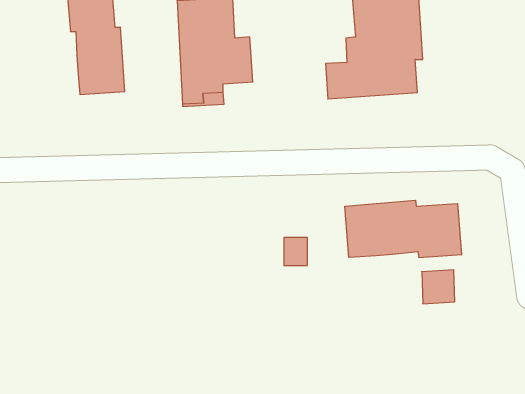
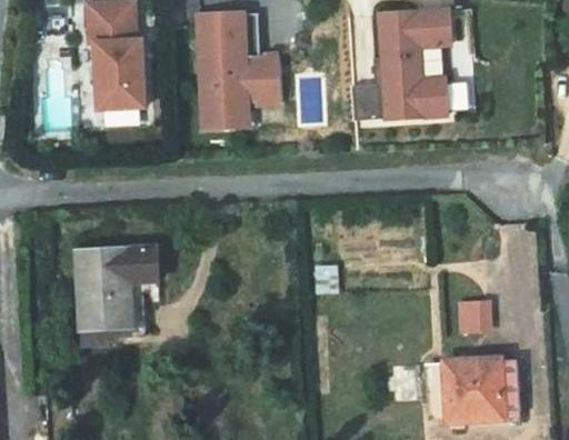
building: [345,200,461,258] -> none
building: none -> [86,258,167,352]
building: none -> [421,354,513,414]

